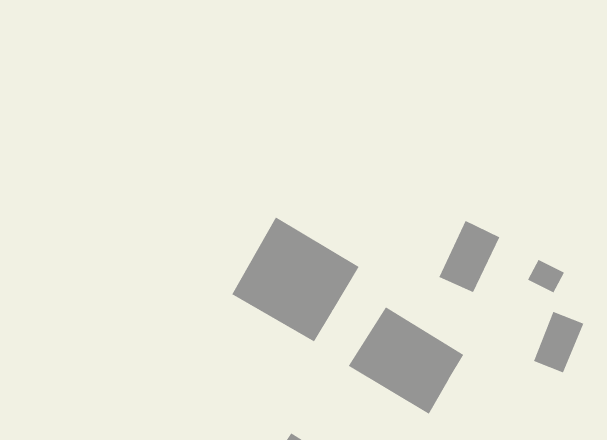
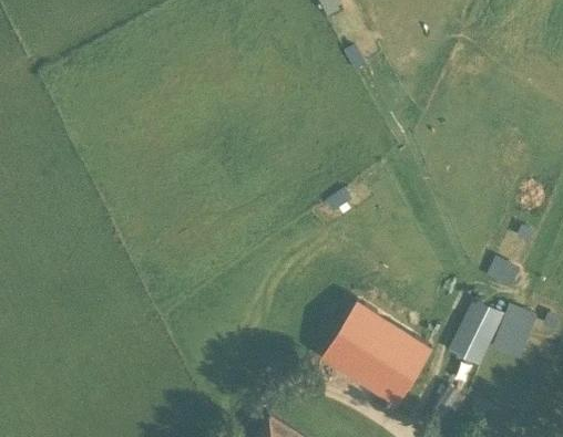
building: [231,217,360,342] -> none
building: [438,220,500,293] -> [449,301,505,367]

